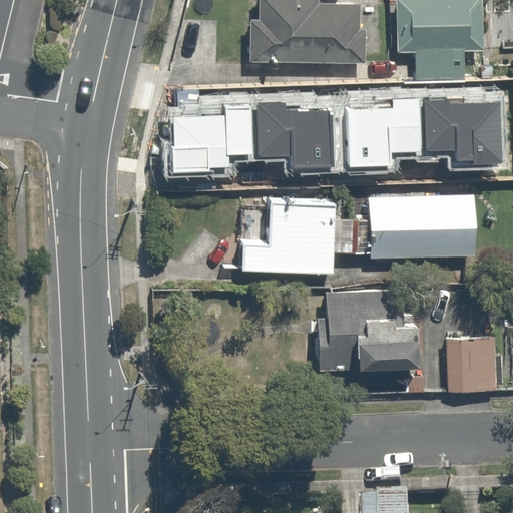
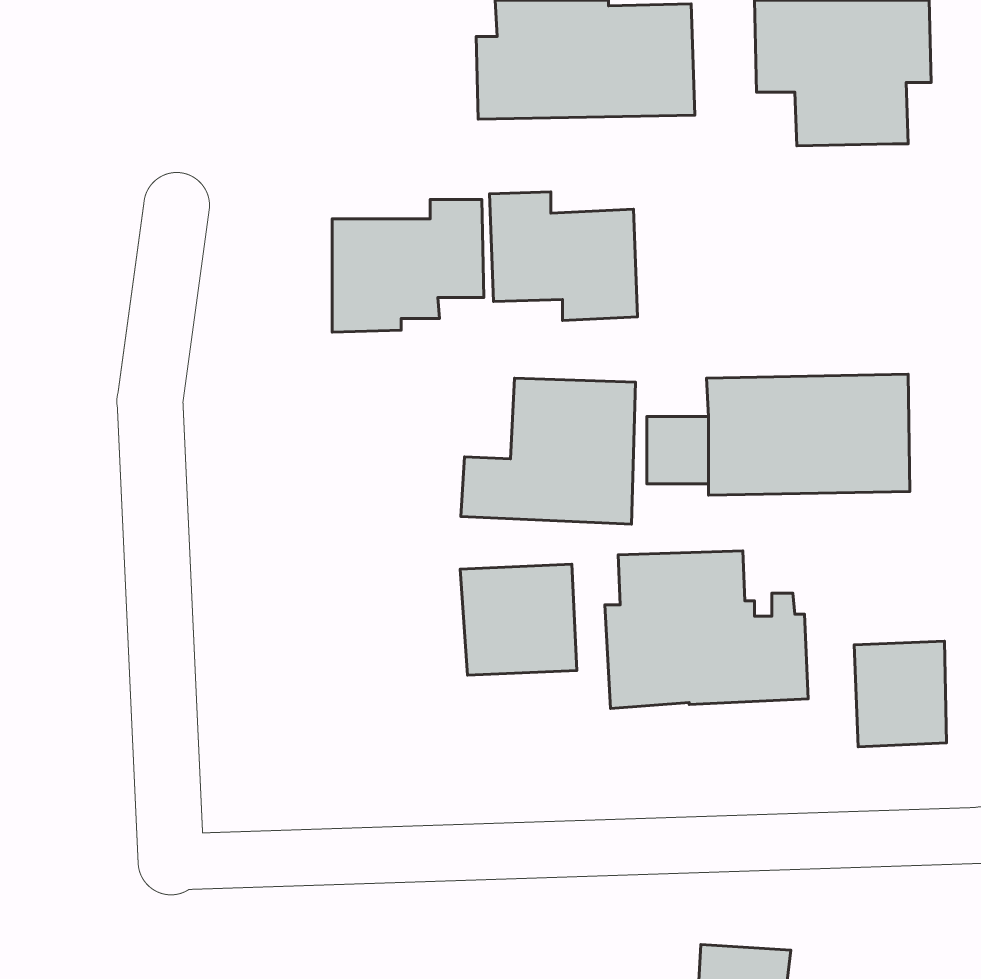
building: [346,100,420,167] -> none
building: [425,100,503,165] -> none
building: none -> [460,564,577,675]

